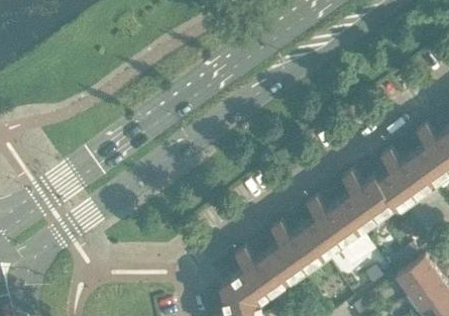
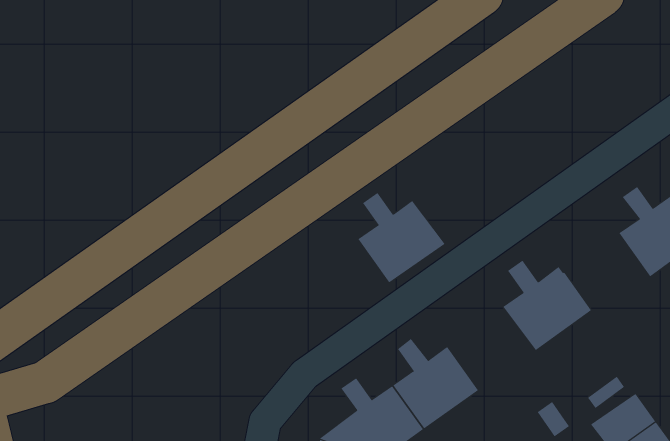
building: [378,147,432,201] -> none
building: [302,195,358,253] -> [358,192,445,283]

